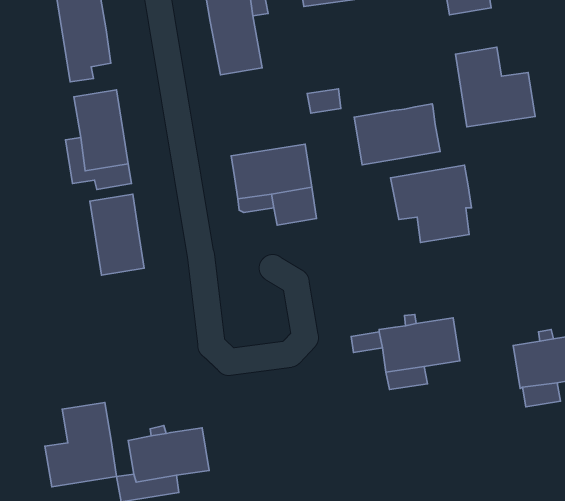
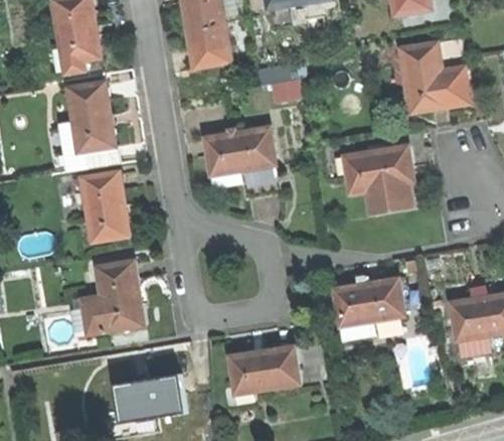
building: [354,104,440,165] -> none
building: none -> [228,345,299,393]
building: [45,402,117,487] -> [80,260,143,333]

